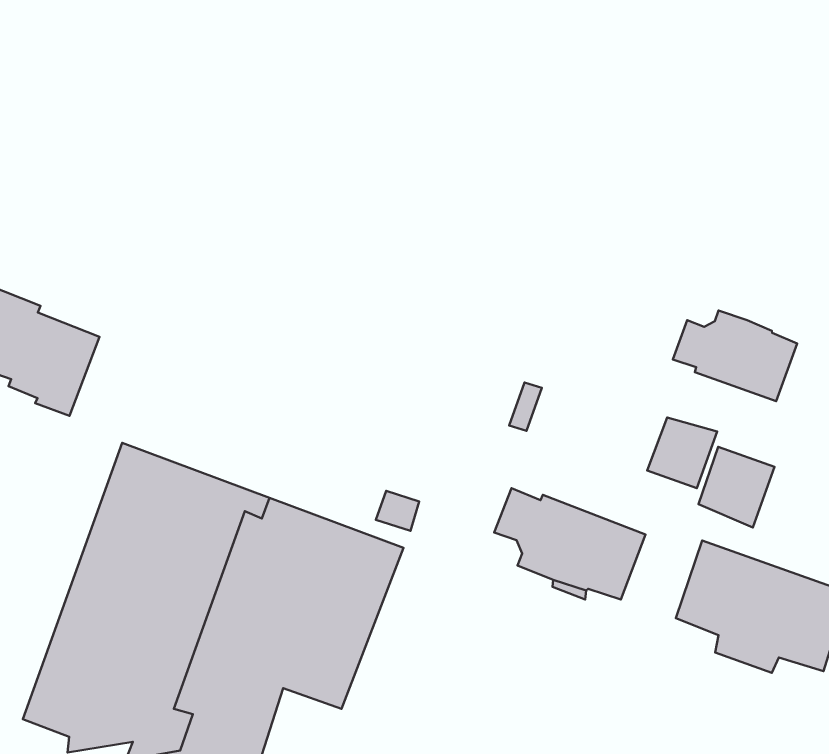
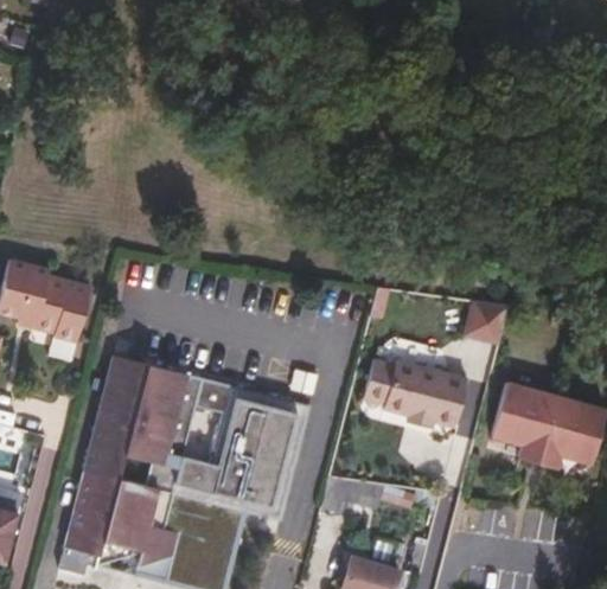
building: [673,310,797,401] -> none
building: [699,447,774,527] -> none

